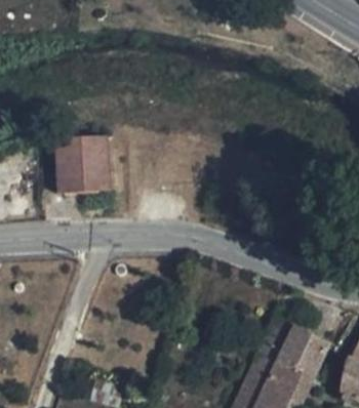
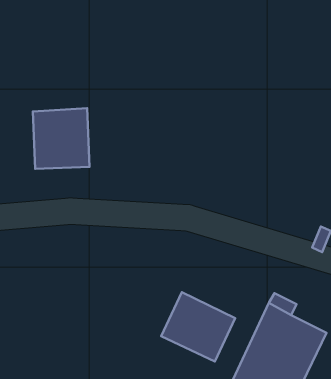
building: none -> [161,292,235,361]

